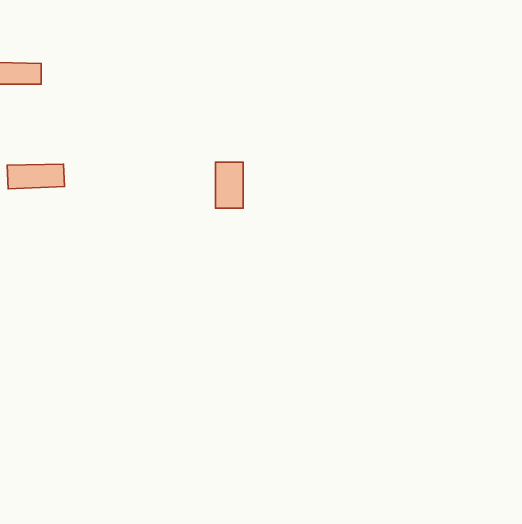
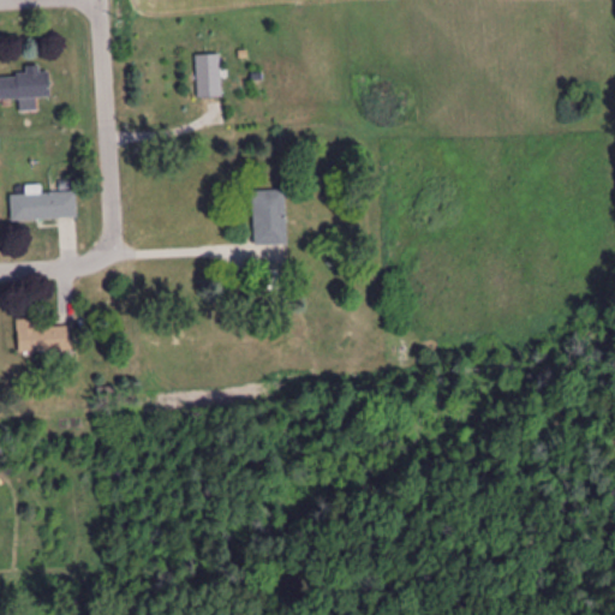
building: none -> [196,54,220,97]
building: none -> [17,320,73,353]

